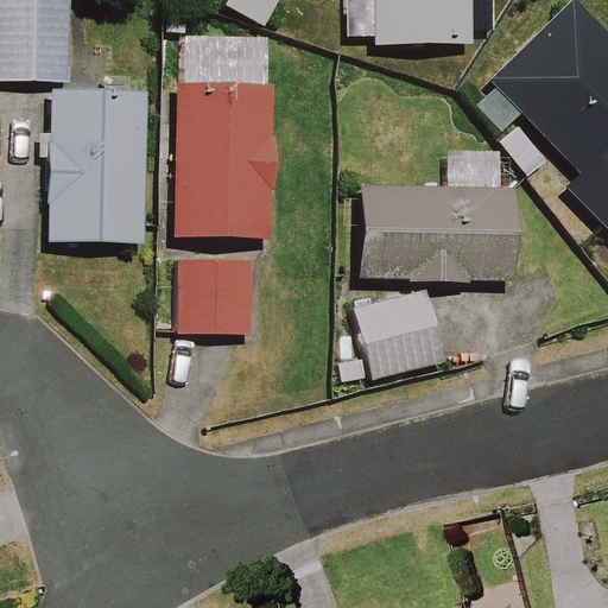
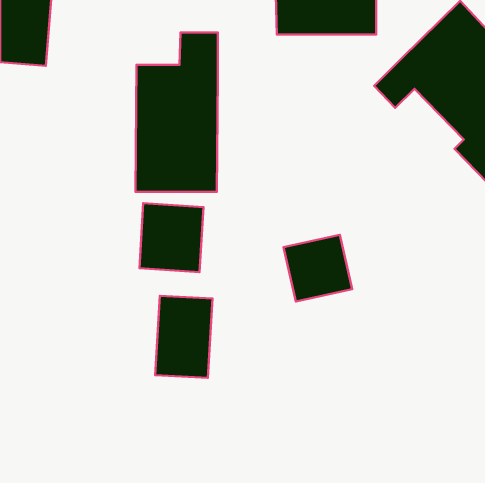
building: [51,90,147,241] -> none
building: [363,160,508,281] -> none
building: none -> [155,296,212,378]

